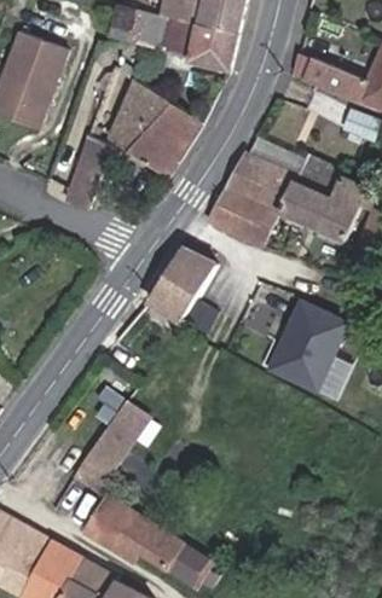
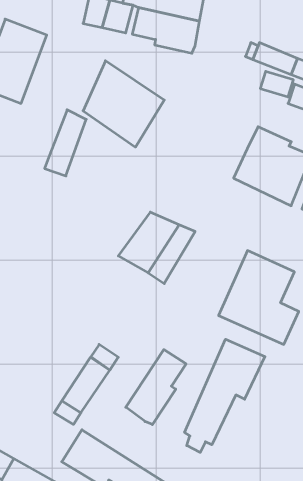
building: [207,151,296,245] -> none
building: none -> [185,339,265,452]
building: none -> [126,350,186,425]

